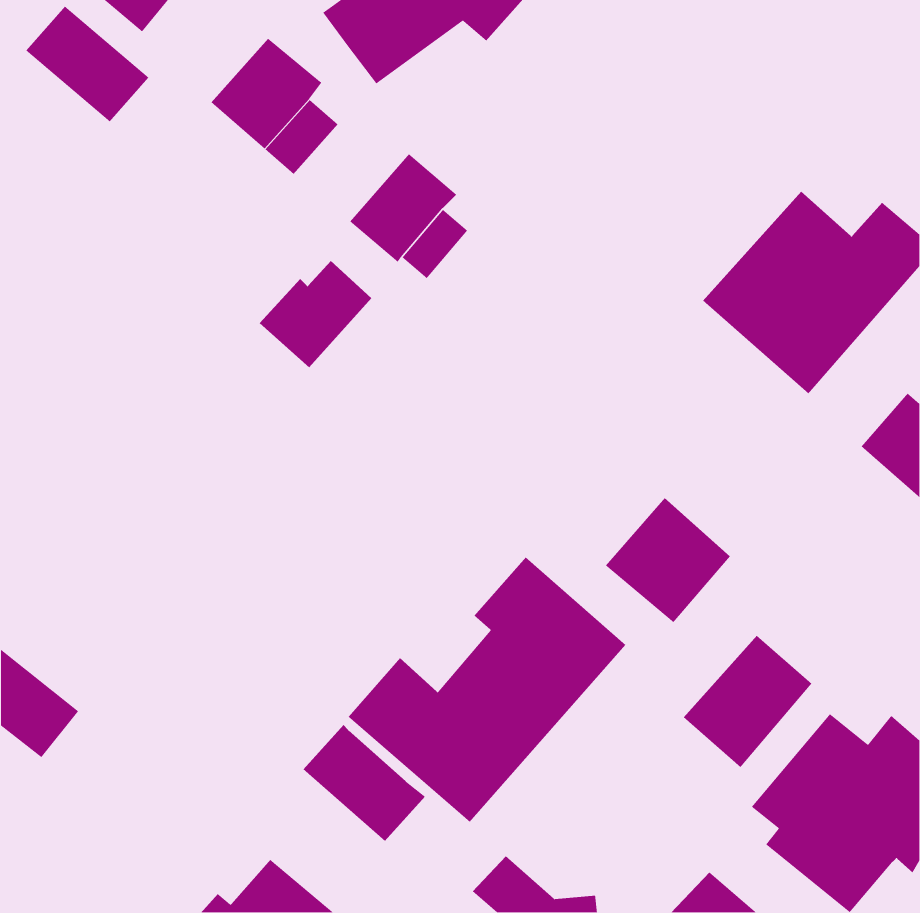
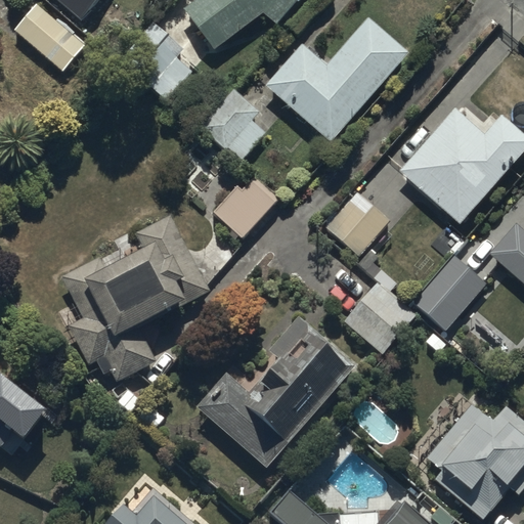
building: none -> [266,16,409,141]
building: [259,260,372,368] -> [214,176,278,237]
building: none -> [325,191,390,256]
building: none -> [62,215,211,382]
building: [683,635,813,768] -> [412,255,486,331]
building: [303,724,426,842] -> none

